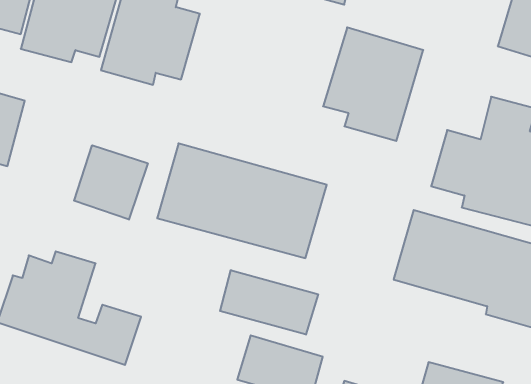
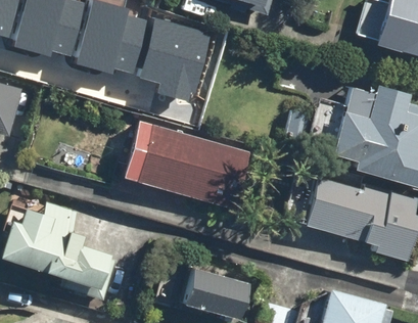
building: [323,27,423,141] -> [144,17,221,104]
building: [74,145,148,220] -> none
building: [220,270,318,335] -> none

